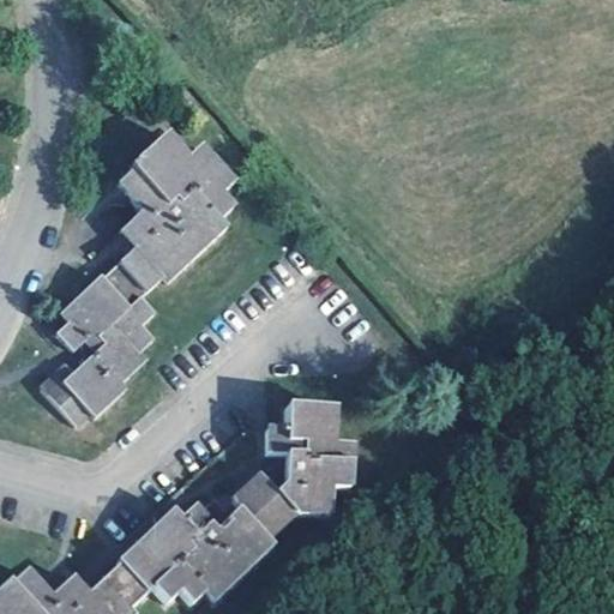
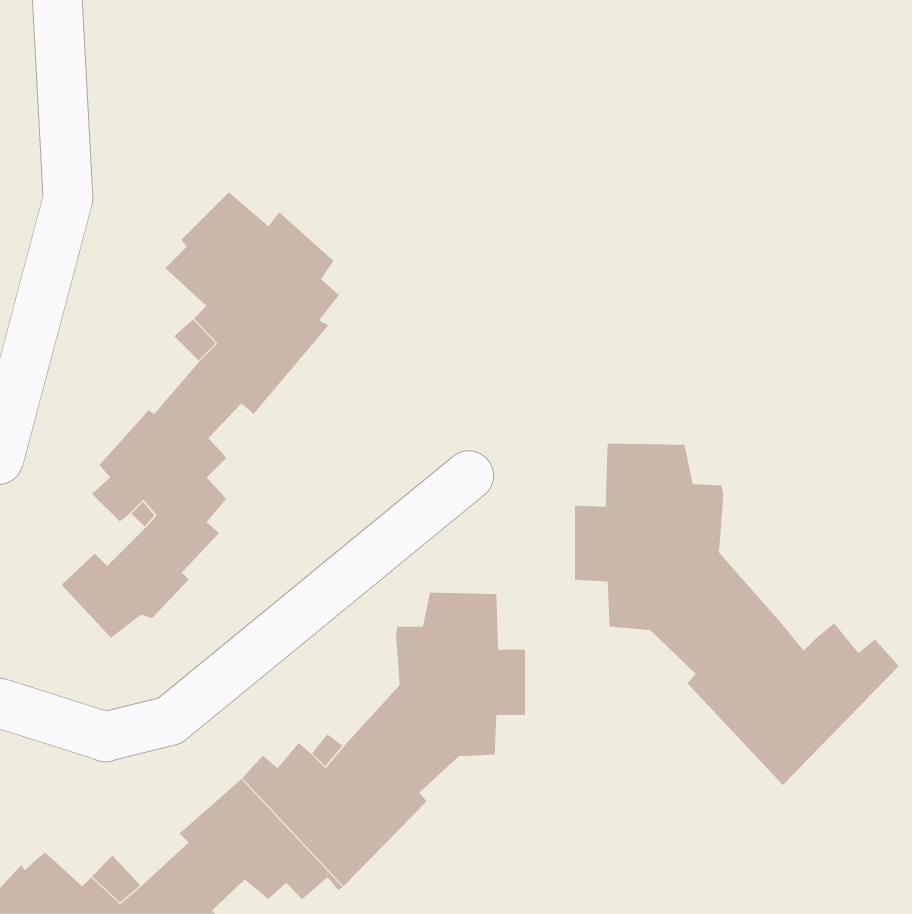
building: none -> [574,443,899,786]

